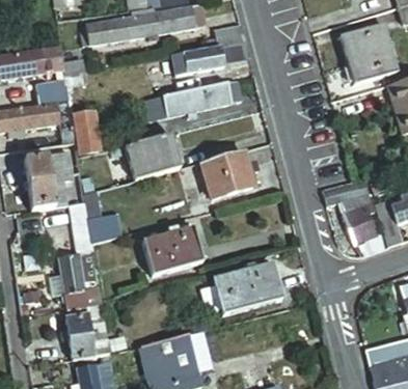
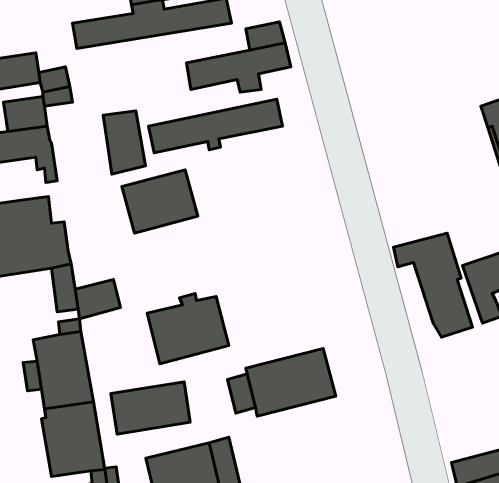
building: [342,23,397,83] -> none
building: [72,109,103,156] -> [103,111,146,174]
building: [201,149,257,196] -> none
building: none -> [111,382,190,434]

